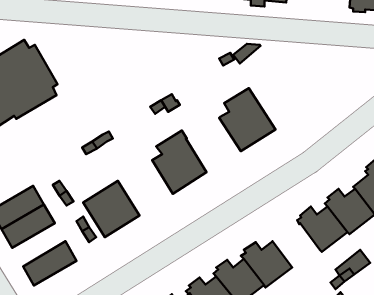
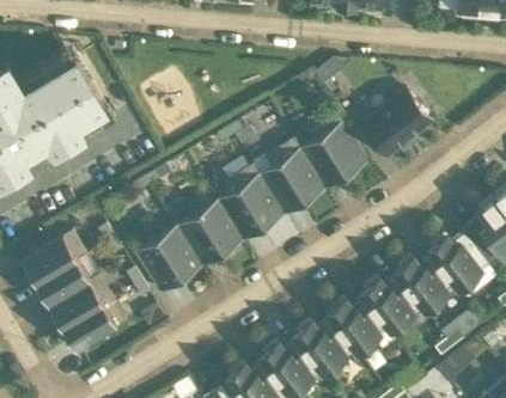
building: none -> [361,91,431,158]
building: none -> [258,137,325,214]
building: none -> [176,200,243,267]
building: none -> [48,276,112,329]
building: none -> [360,276,421,332]

